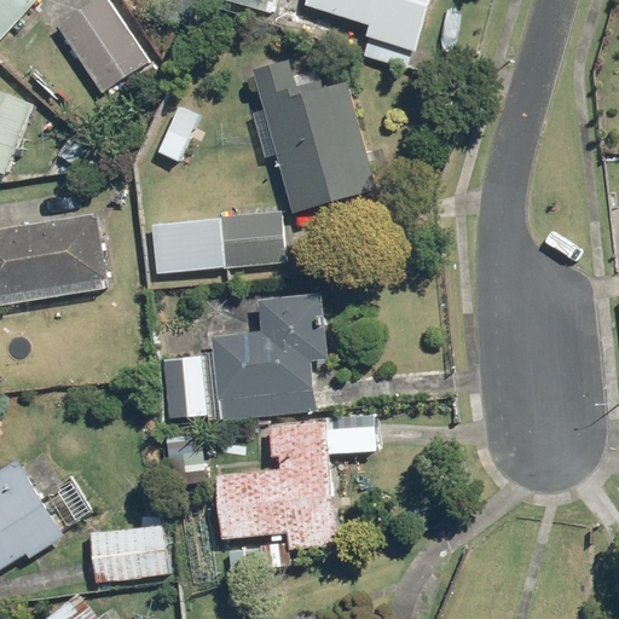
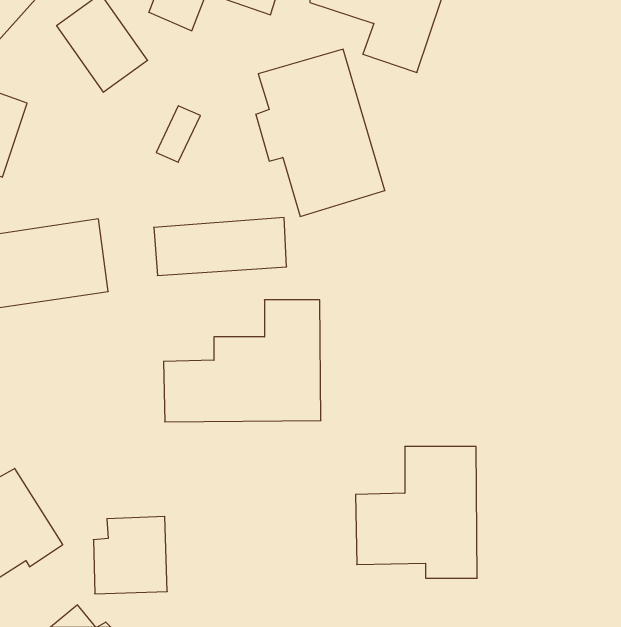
building: [218,424,337,554] -> [356,447,477,578]

